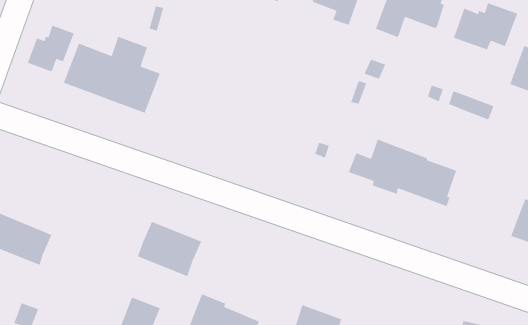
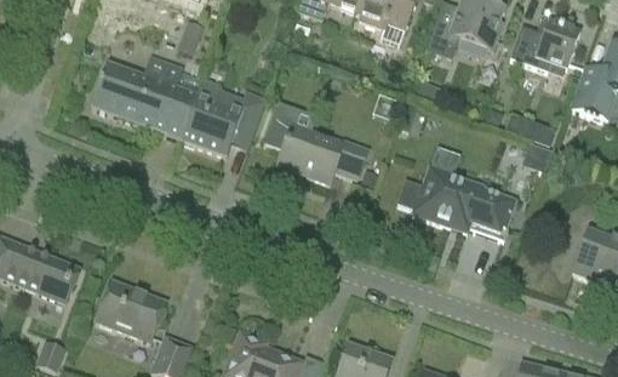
building: [27,25,75,73] -> none
building: none -> [179,76,263,155]
building: none -> [264,102,368,182]
building: [137,221,202,277] -> [96,280,166,341]

